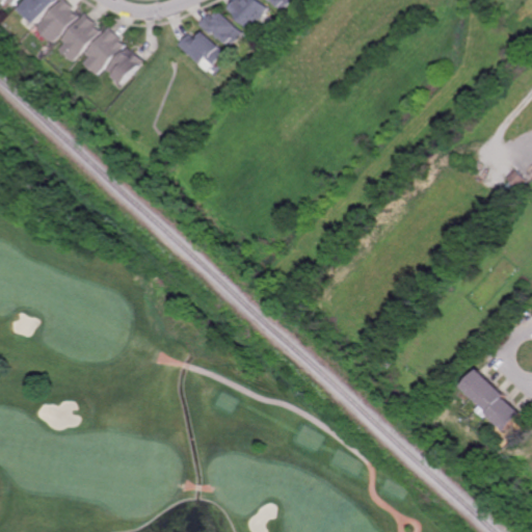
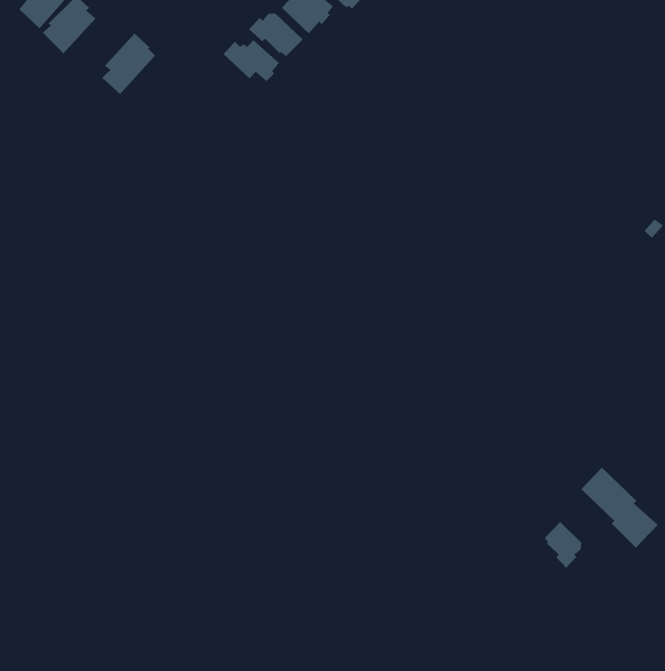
building: [56,11,99,60] -> none
building: [104,46,142,87] -> none
building: none -> [544,521,582,568]

